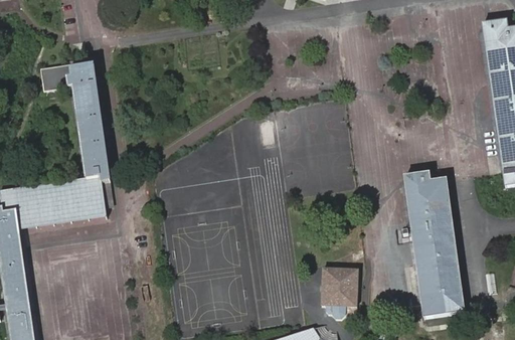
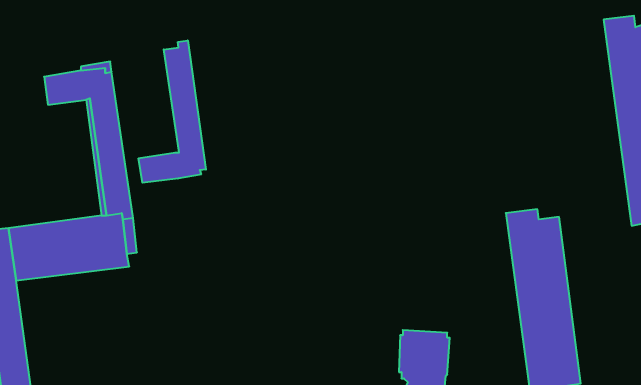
building: none -> [139,40,206,183]

